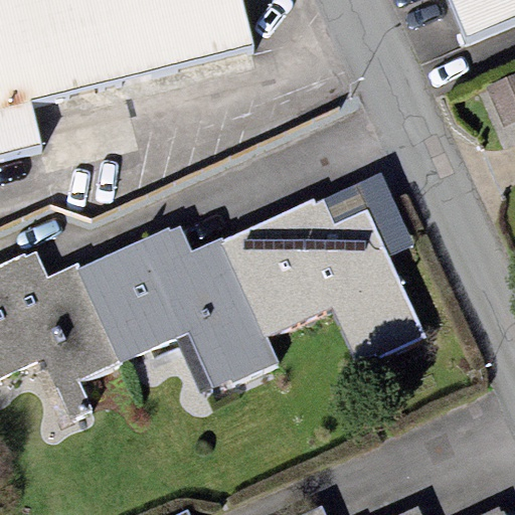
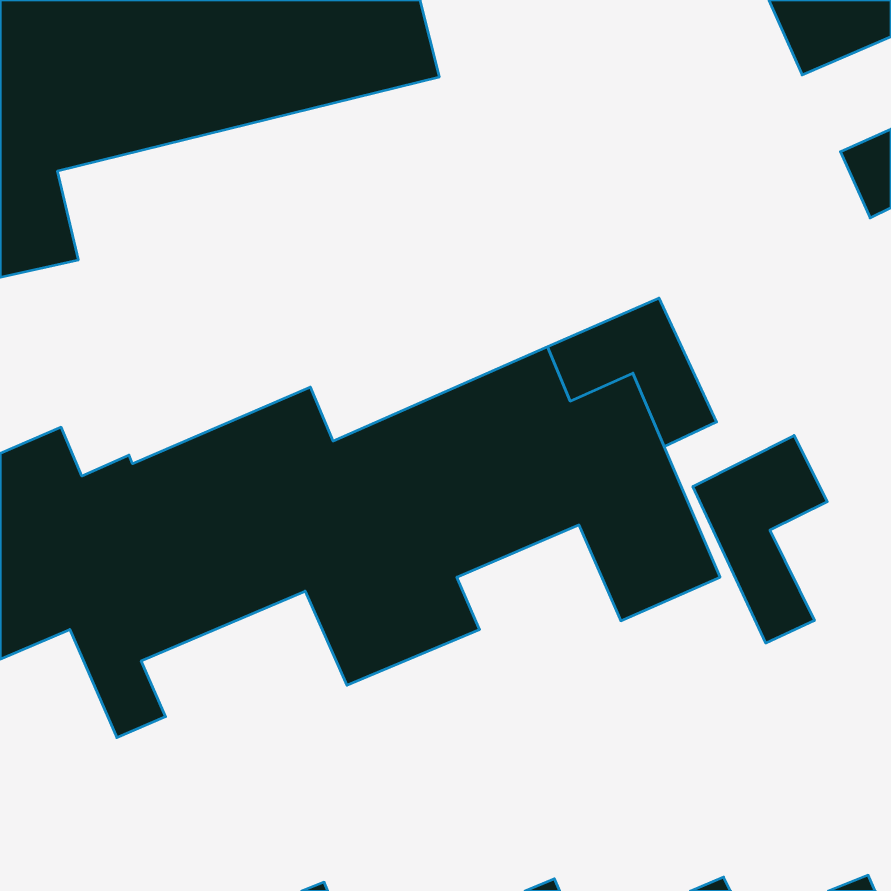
building: none -> [693,435,827,643]

